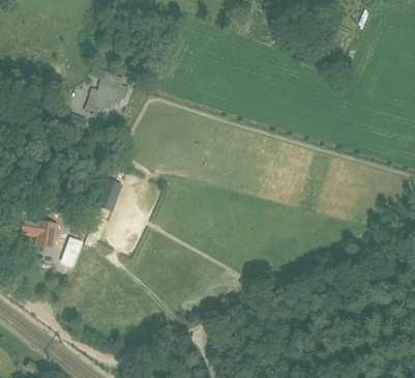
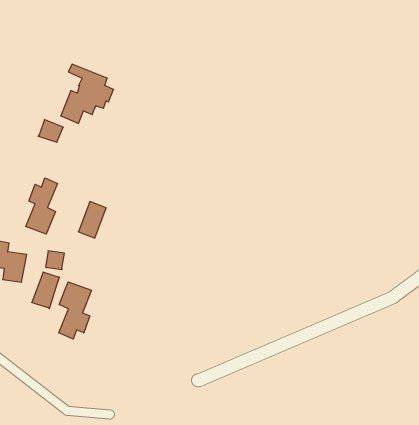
building: none -> [26,178,57,234]
building: none -> [59,282,92,339]

